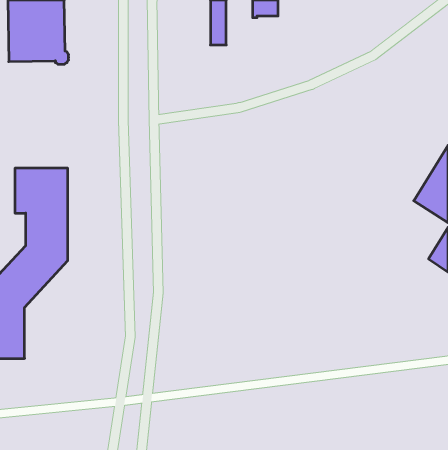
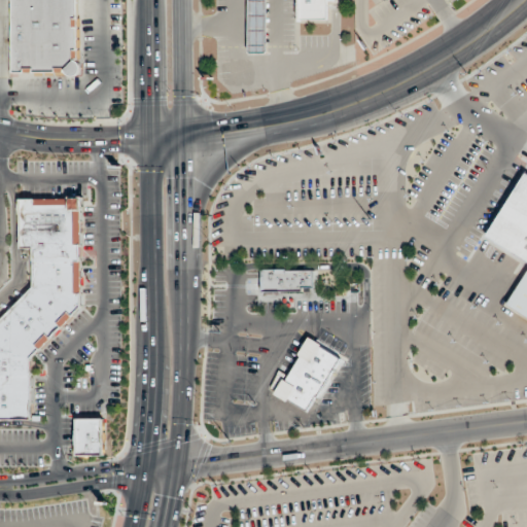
building: none -> [258,269,313,291]
building: none -> [272,337,341,414]
building: none -> [74,417,102,455]

